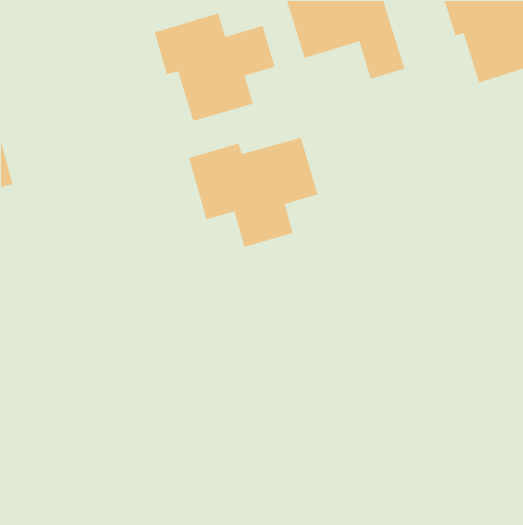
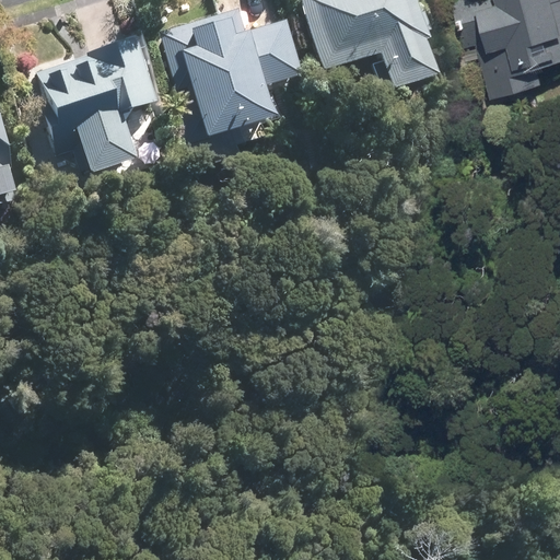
building: none -> [39,44,152,170]
building: [188,137,319,248] -> none

